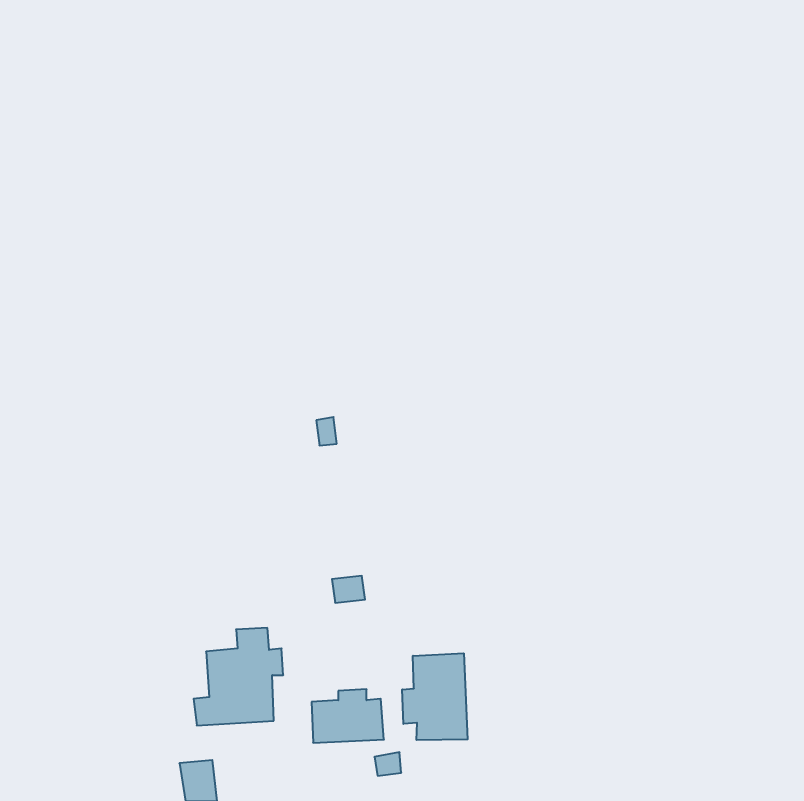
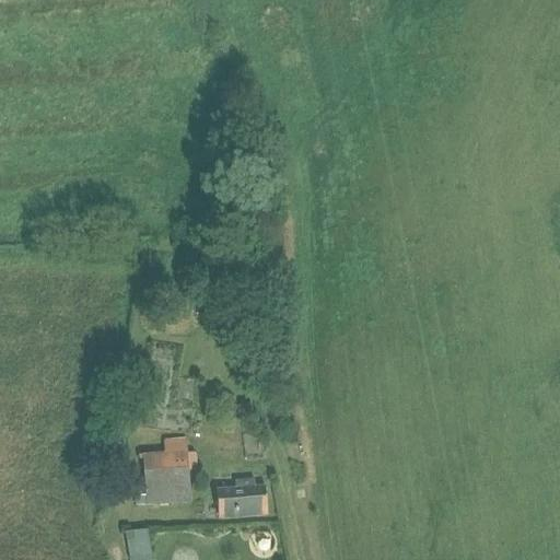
building: [402,653,468,740] -> none

